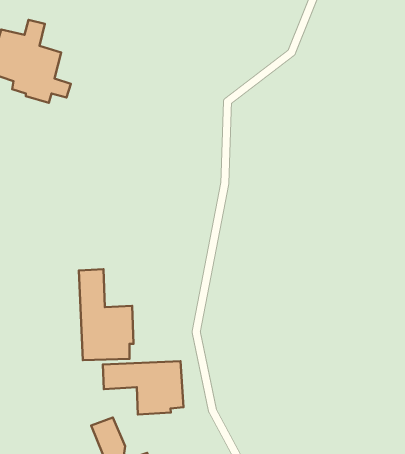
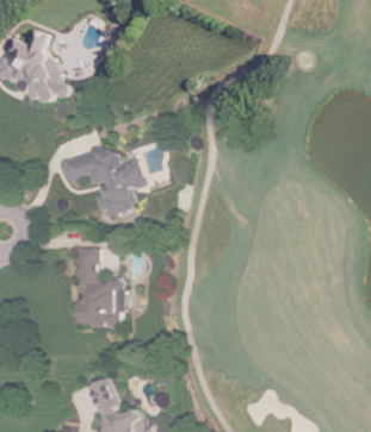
building: none -> [61,145,144,215]
building: [103,361,183,415] -> none

